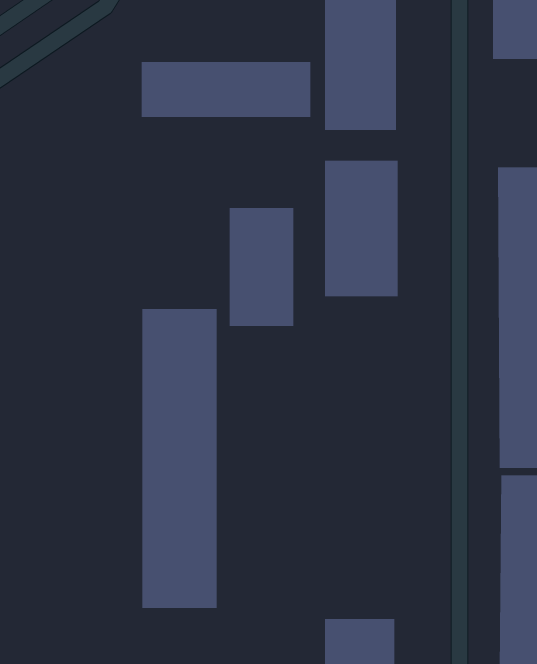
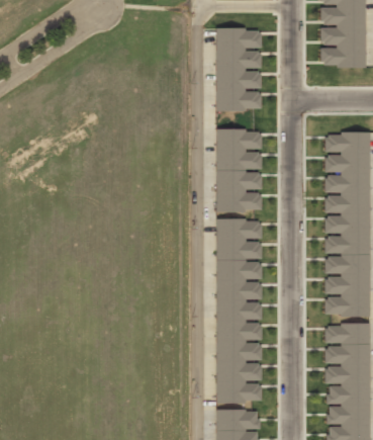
building: [141,61,311,118] -> none
building: [229,207,294,327] -> none
building: [142,308,217,609] -> [216,218,263,403]

